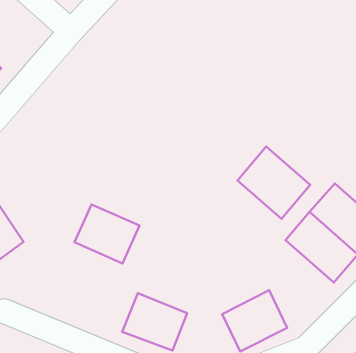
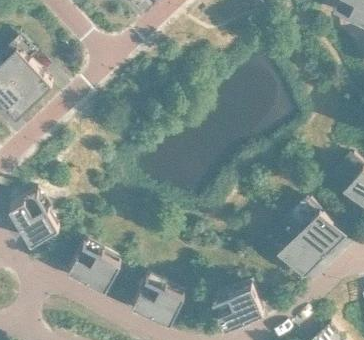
building: [238,146,310,219] -> none
building: [75,204,140,263] -> [66,242,119,291]

